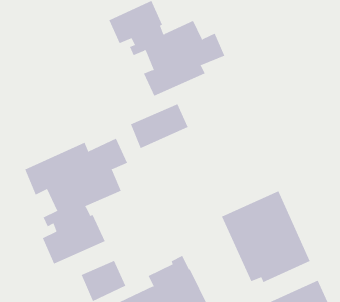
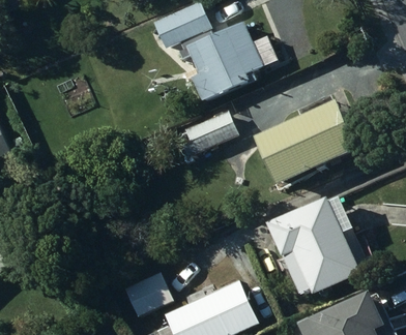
building: none -> [259,101,363,186]
building: [24,138,128,265] -> none

